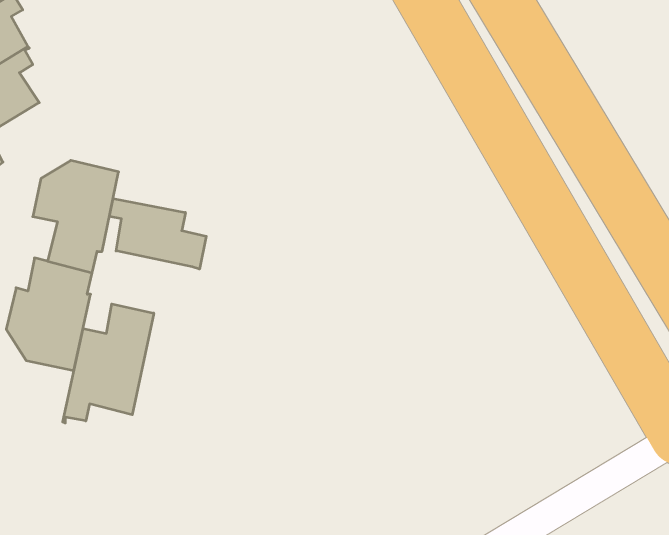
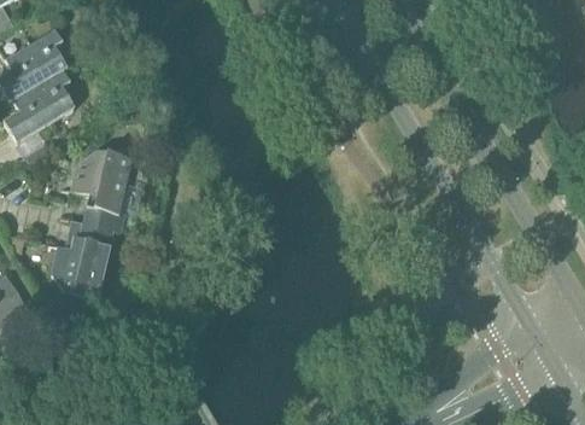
building: [109,198,206,269] -> none
building: [63,304,154,423] -> none

